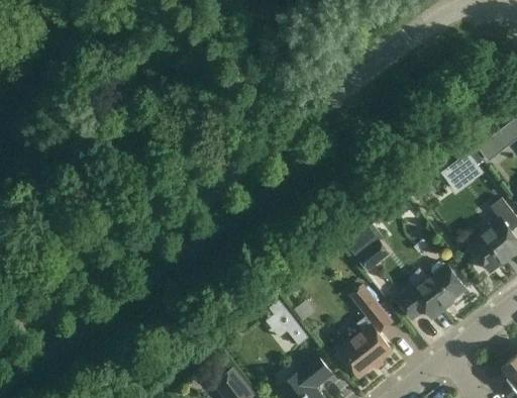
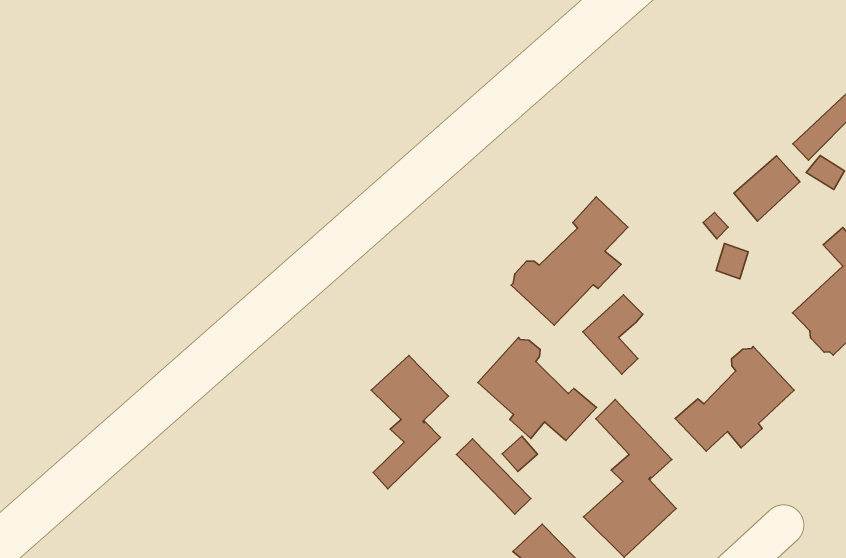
building: none -> [511,197,628,325]
building: none -> [478,338,597,441]
building: none -> [371,356,448,489]

